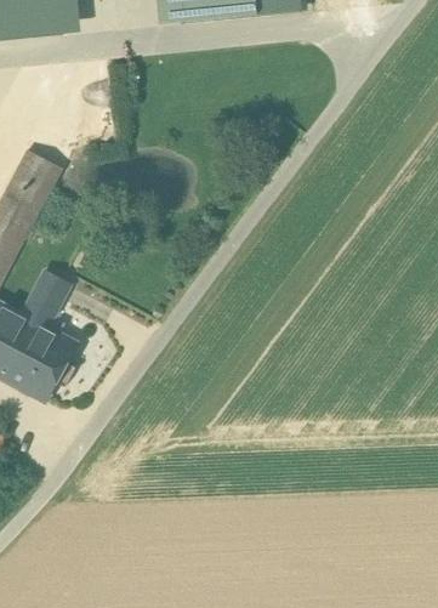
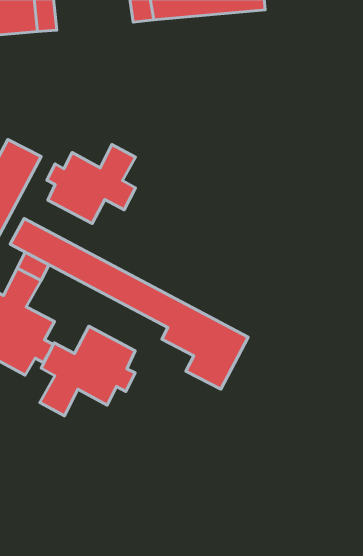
building: none -> [47,144,136,224]
building: none -> [10,219,248,389]
building: none -> [40,326,135,416]

